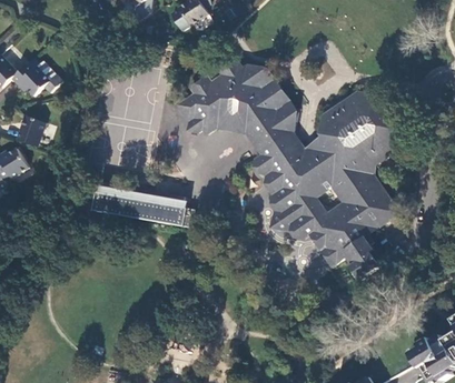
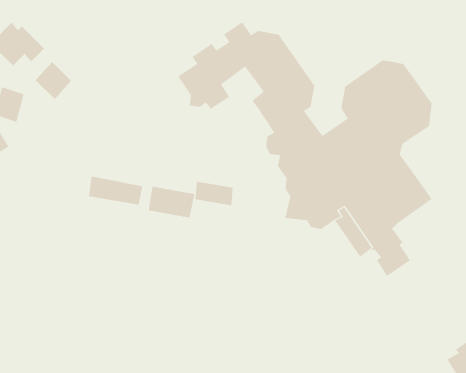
building: none -> [35,61,72,100]
building: [216,98,251,132] -> none
building: none -> [195,181,233,206]

